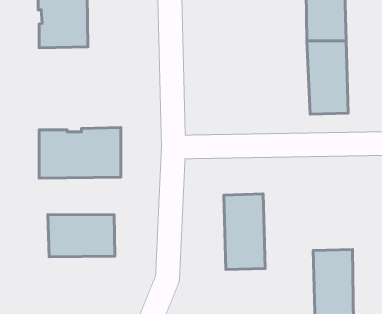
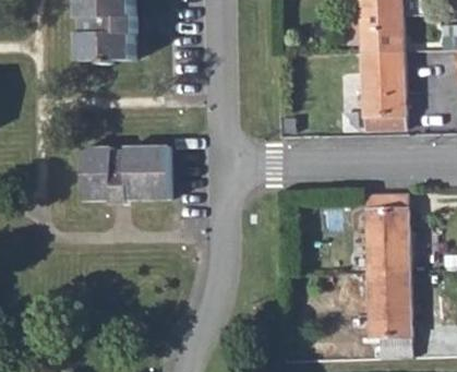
building: [224,194,265,269] -> [365,193,409,273]
building: [48,215,115,257] -> none

